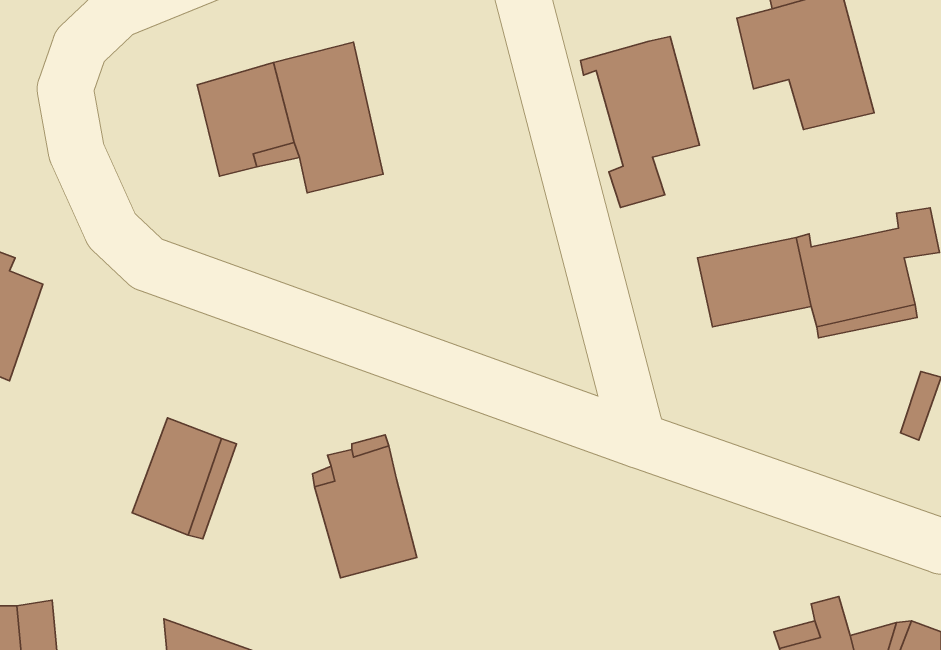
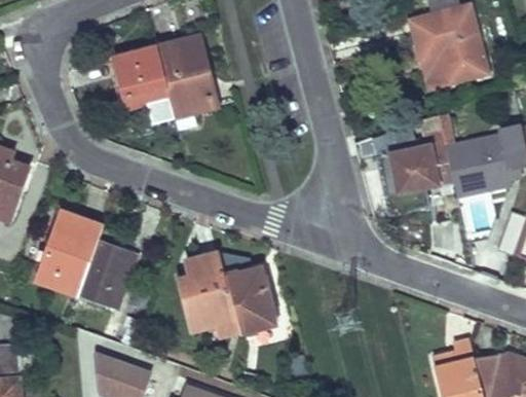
building: [580,37,699,208] -> none
building: none -> [38,212,103,294]
building: none -> [224,268,274,332]

